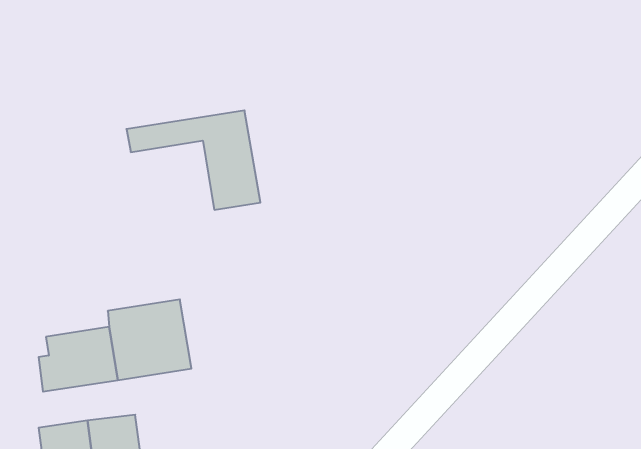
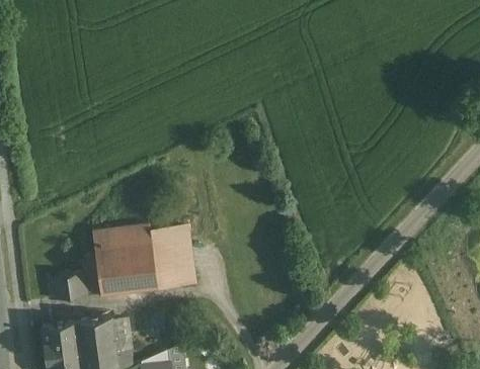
building: [126,110,260,210] -> [95,218,189,288]

